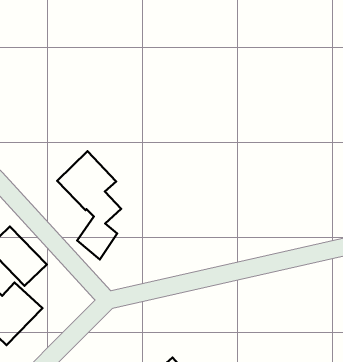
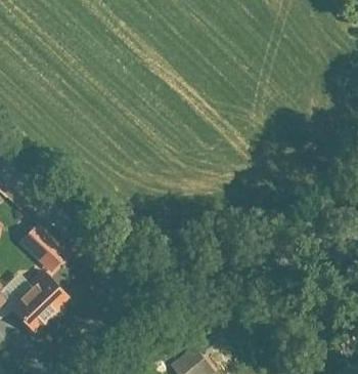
building: [57,151,121,260] -> none

